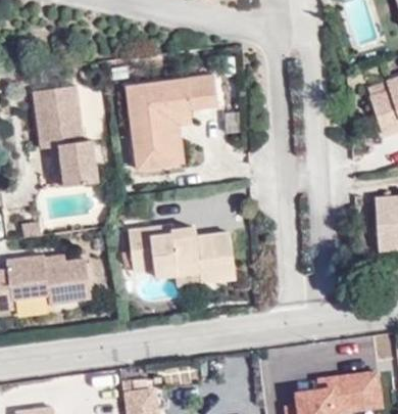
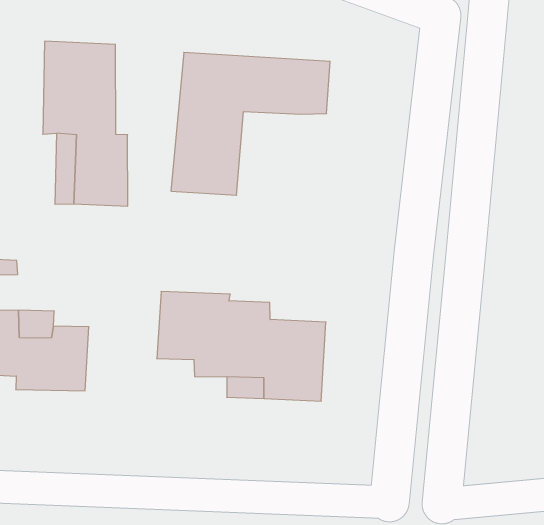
building: [162,107,199,163] -> none

